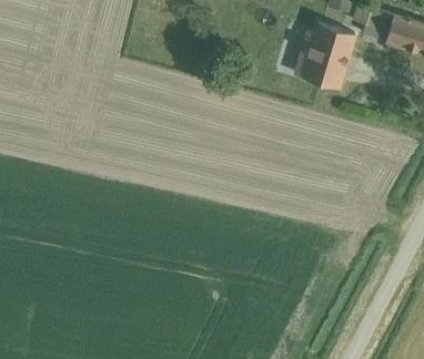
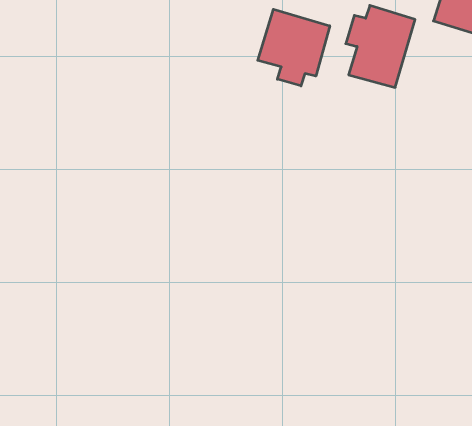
building: none -> [258,9,330,86]

